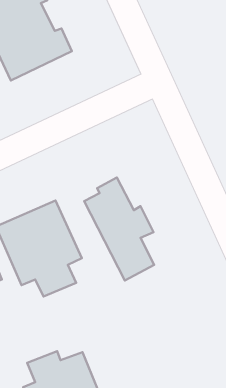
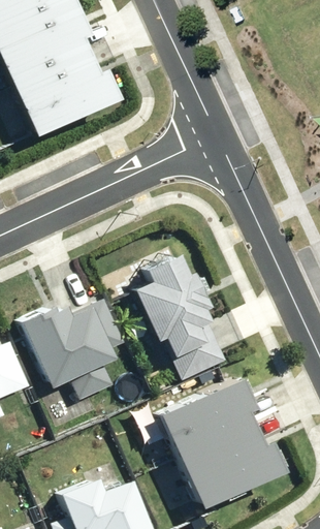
building: none -> [161,375,290,510]

